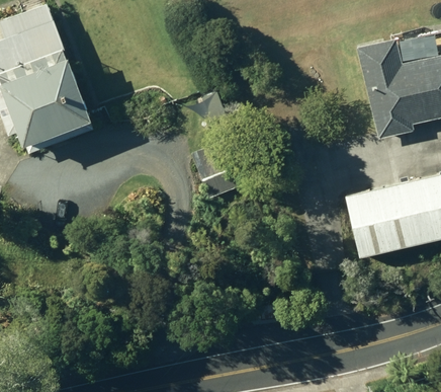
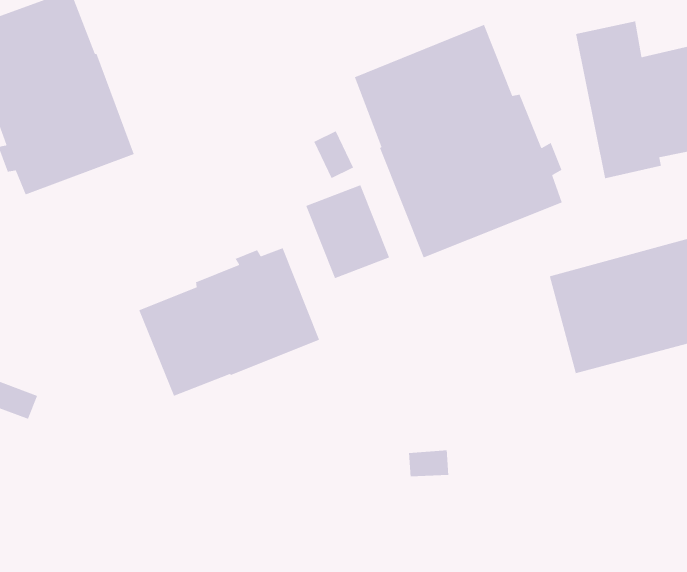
building: none -> [354,24,563,259]
building: none -> [138,247,320,397]

